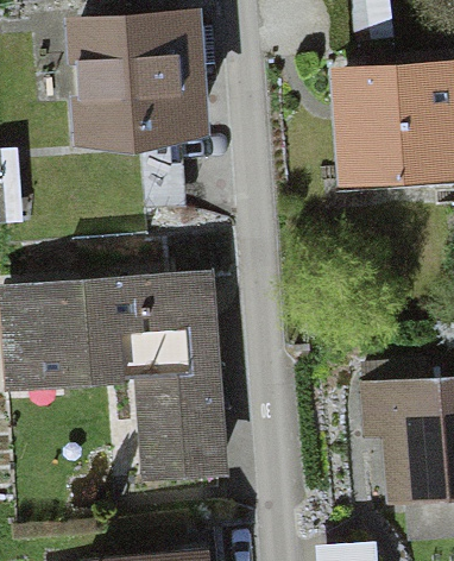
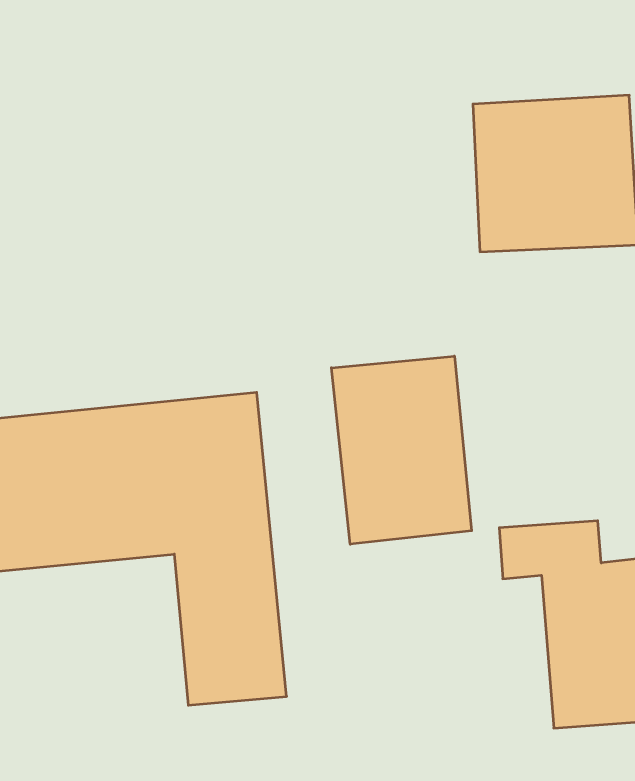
building: [77,14,202,209] -> none
building: none -> [331,356,472,544]

